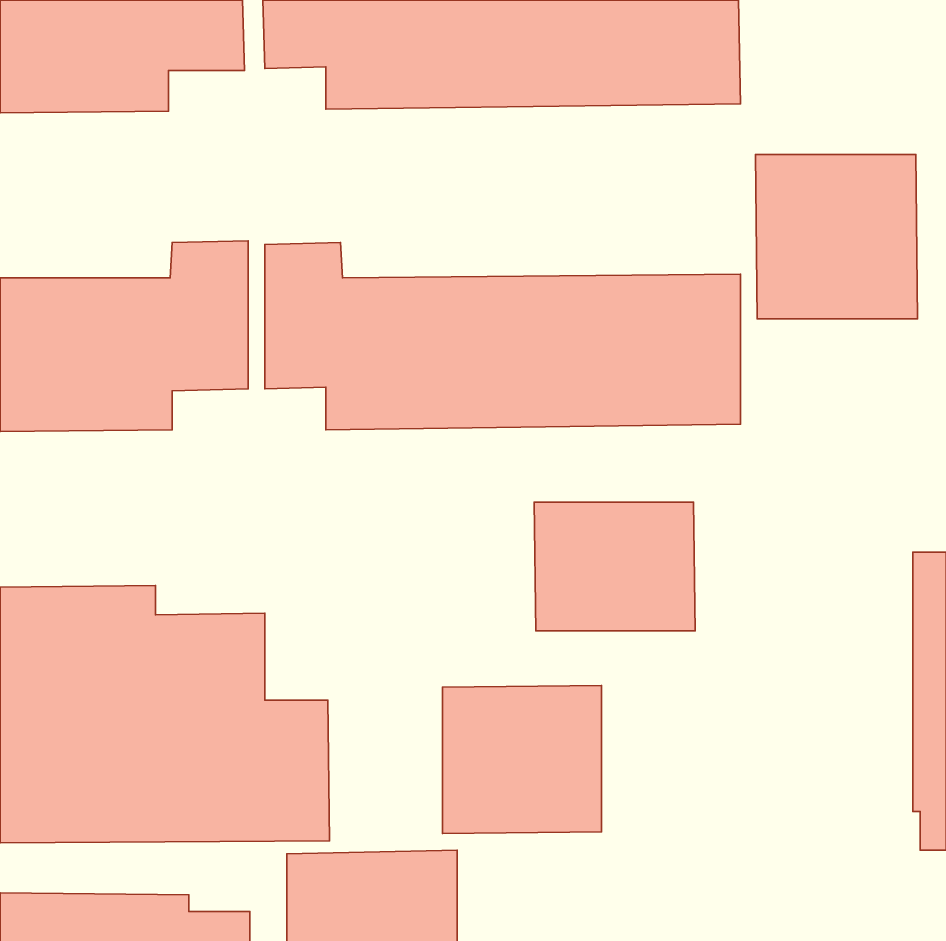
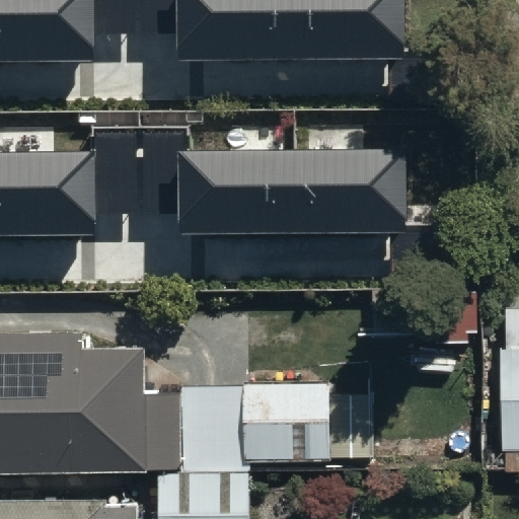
building: [756,154,918,319] -> none
building: [534,502,695,631] -> none

